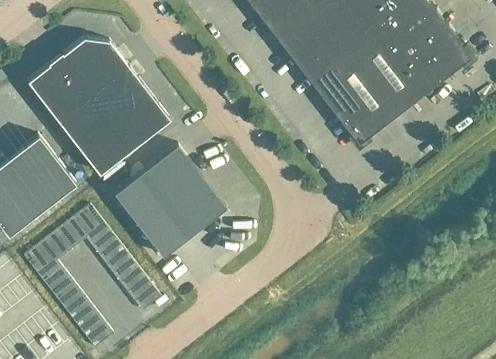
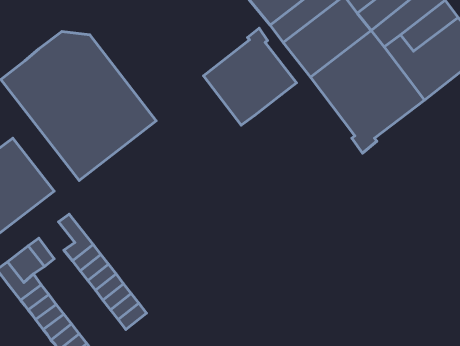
building: none -> [203,28,296,125]
building: [114,144,226,256] -> none
building: [62,212,95,246] -> none

